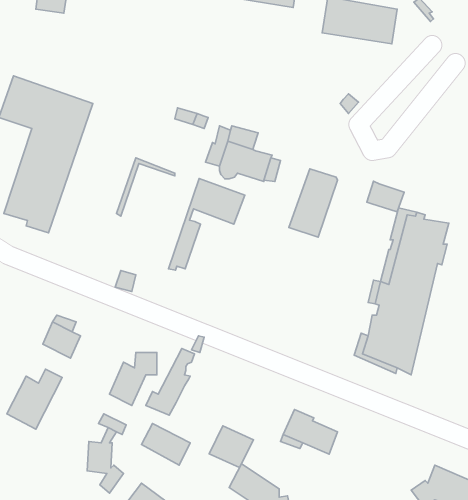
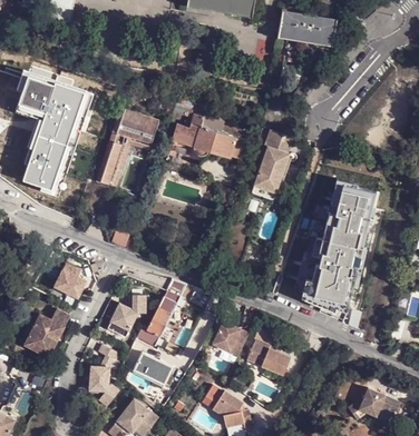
building: [169,178,245,270] -> [97,108,158,181]
building: [367,181,404,212] -> [263,130,293,155]
building: [209,426,253,468] -> [212,323,247,356]

